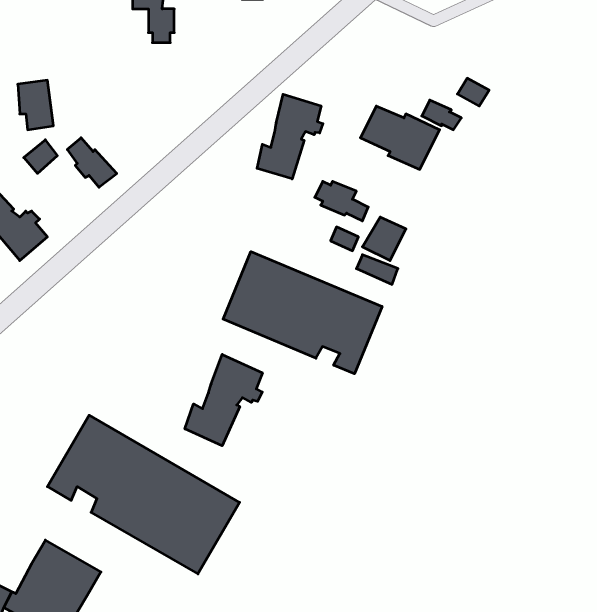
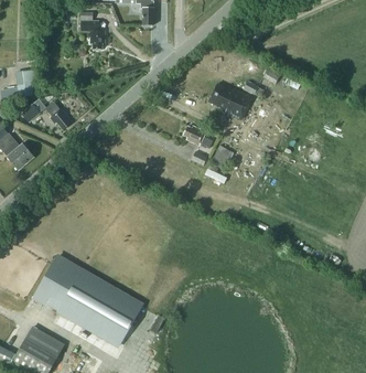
building: [257,94,323,179] -> none
building: [223,252,382,374] -> none
building: [185,354,262,446] -> none

